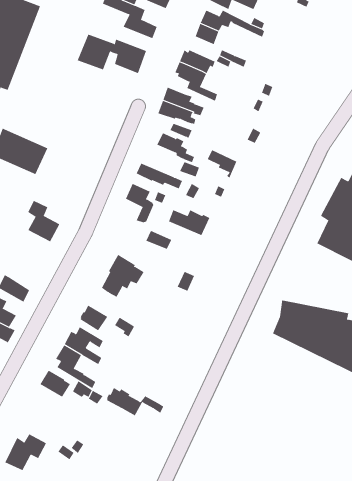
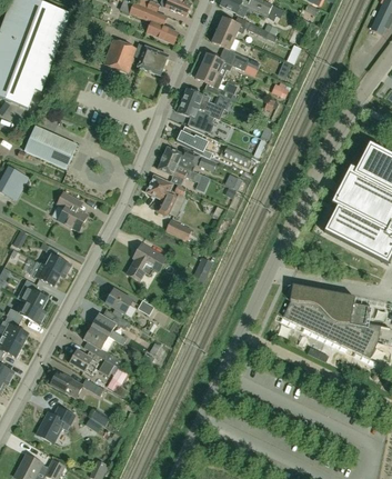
building: [168,209,210,236] -> [162,146,201,170]
building: none -> [41,245,71,277]
building: [106,387,164,416] -> [50,370,103,397]

